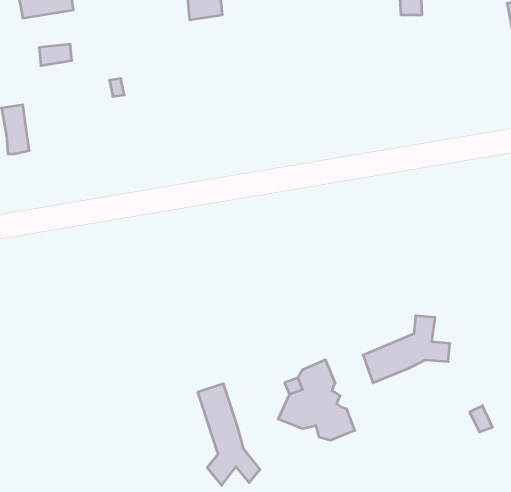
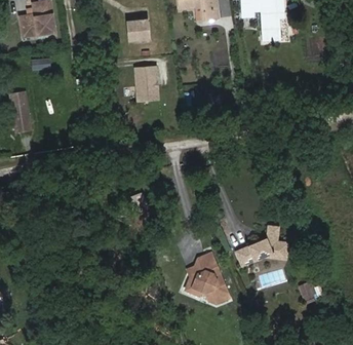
building: none -> [135,65,160,99]
building: [198,384,260,485] -> none

